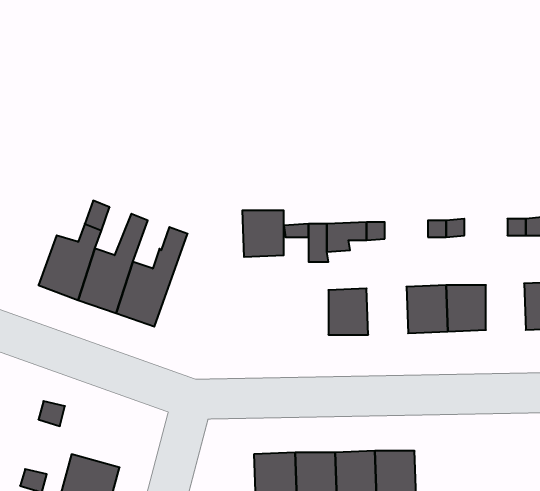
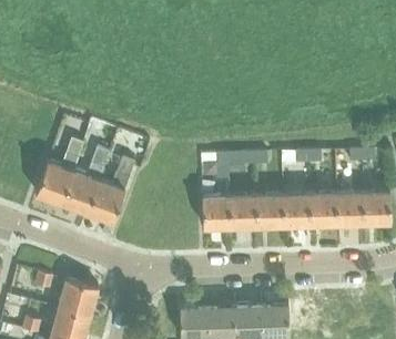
building: [242,210,284,257] -> [202,198,230,229]
building: none -> [335,194,362,225]
building: none -> [255,196,283,228]
building: none -> [58,279,98,317]

